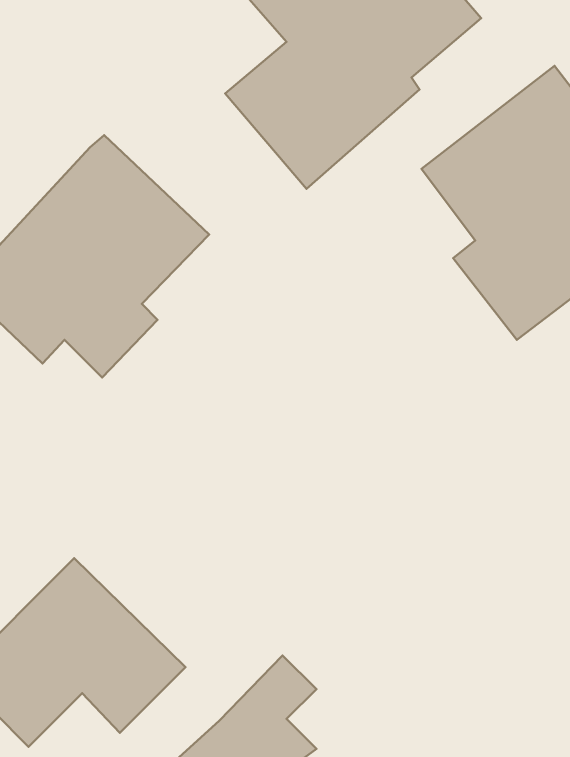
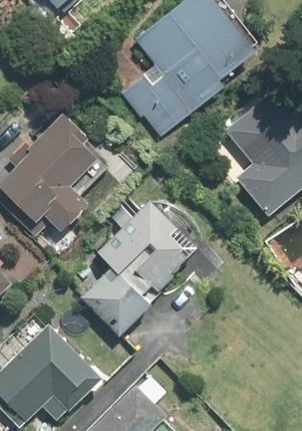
building: none -> [77,201,198,340]

